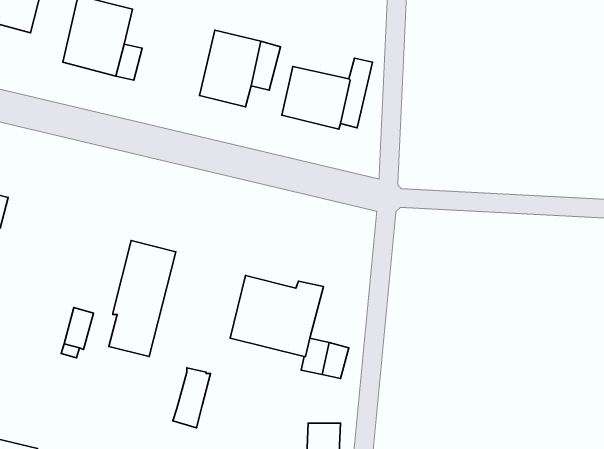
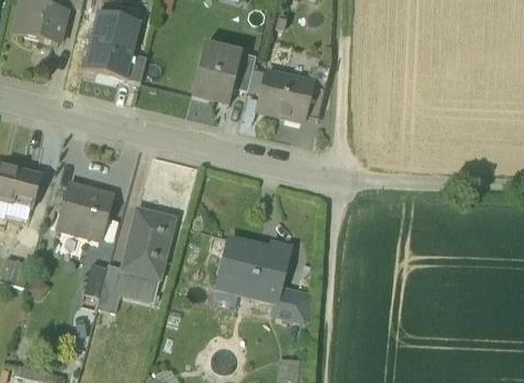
building: none -> [58,183,112,238]
building: [173,368,210,428] -> [96,263,126,311]

